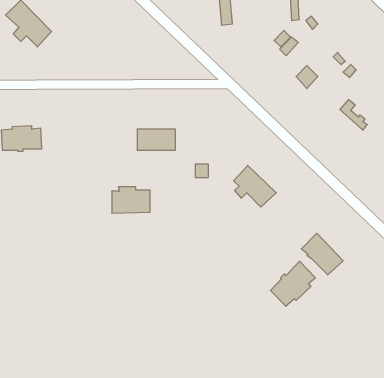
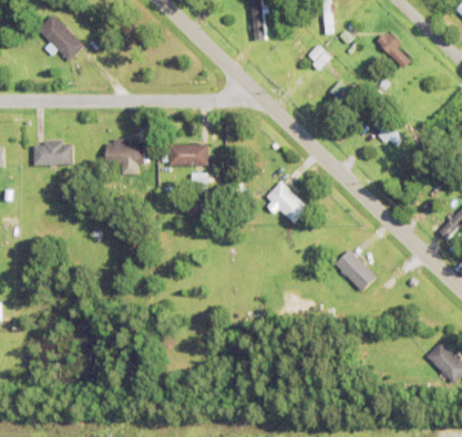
building: none -> [377,32,411,69]
building: [112,187,150,213] -> [105,138,144,165]
building: [271,261,315,306] -> none

